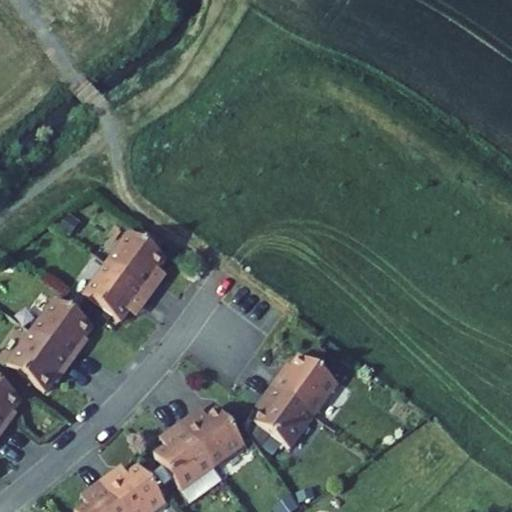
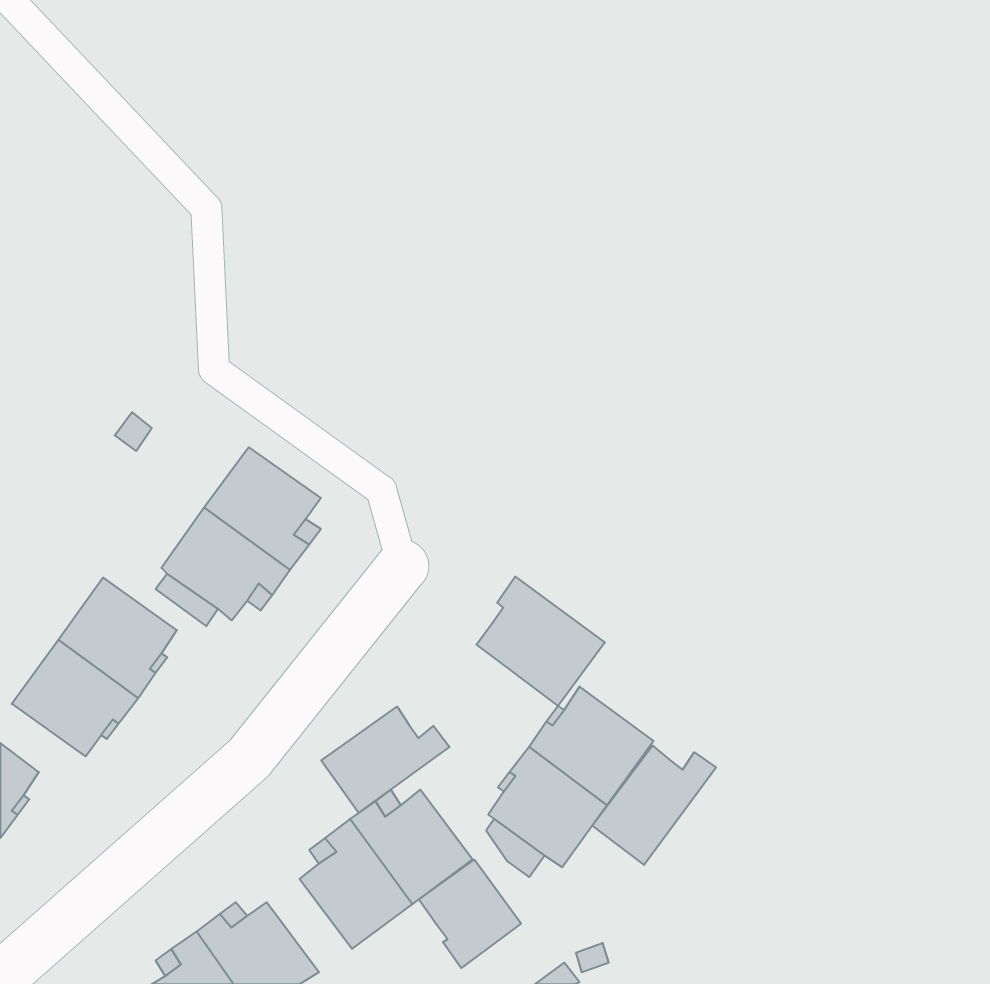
building: none -> [476,577,605,706]
building: none -> [321,707,450,813]
building: none -> [592,746,716,865]
building: none -> [419,860,521,968]

